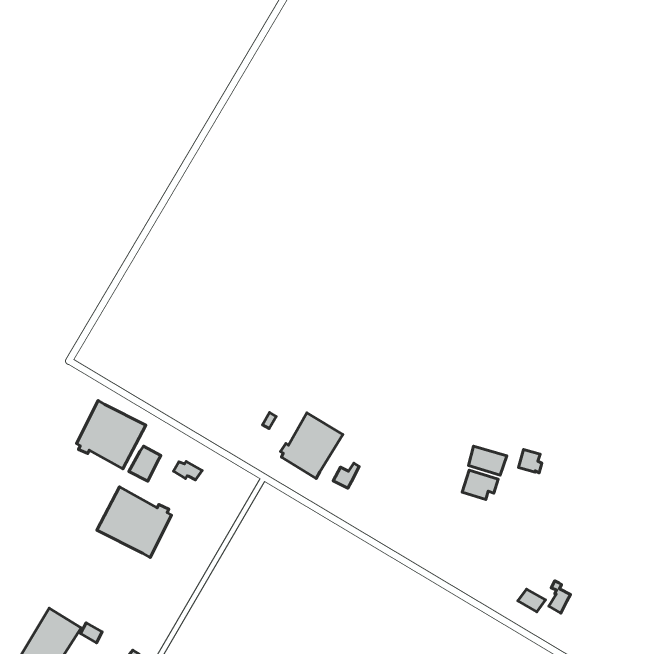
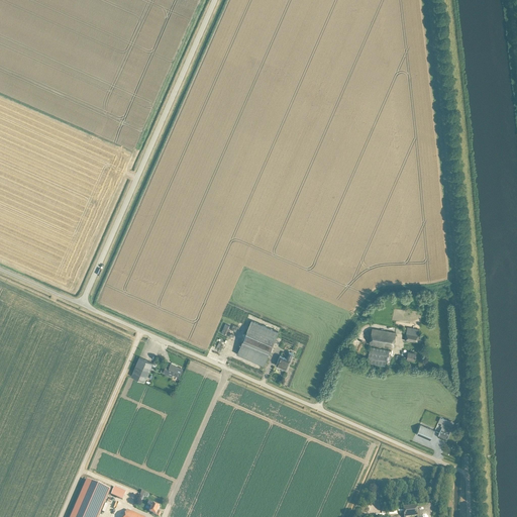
building: [76,401,146,469] -> none
building: [97,487,172,558] -> none

